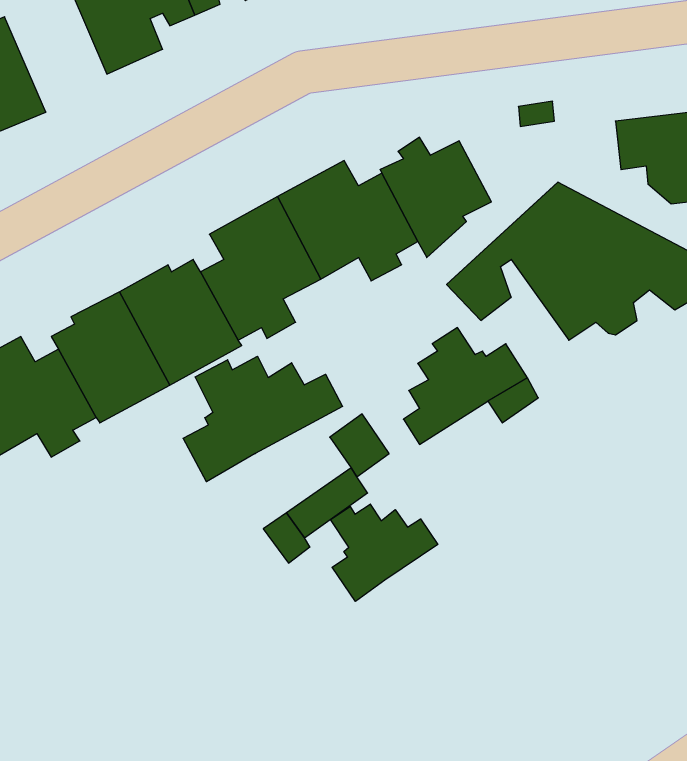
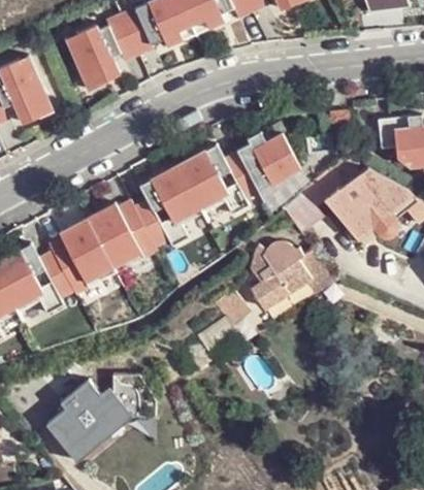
building: [183,356,343,482] -> none
building: [330,504,438,601] -> none
building: none -> [41,373,152,458]

